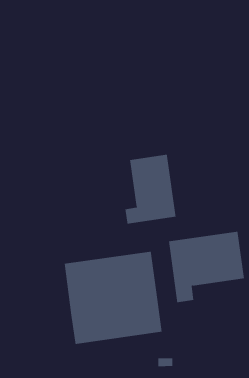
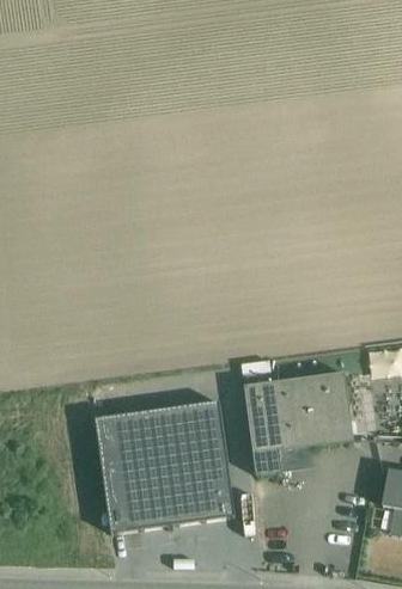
building: [125,154,176,225] -> none

